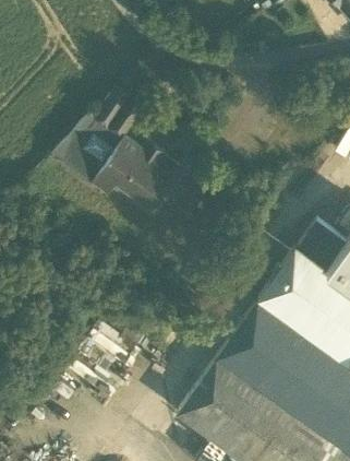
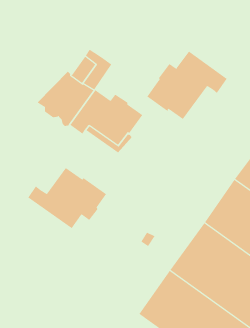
building: none -> [146,51,228,120]
building: none -> [27,167,107,229]

